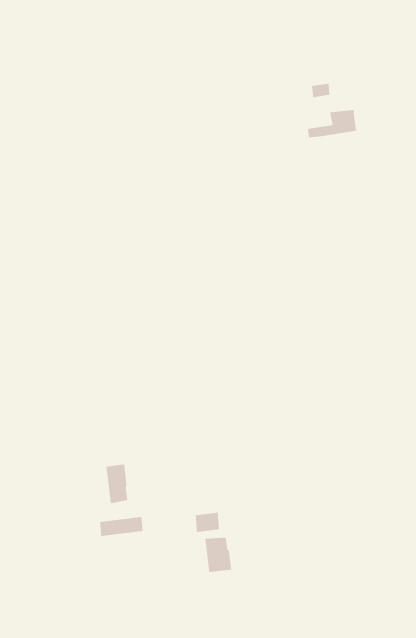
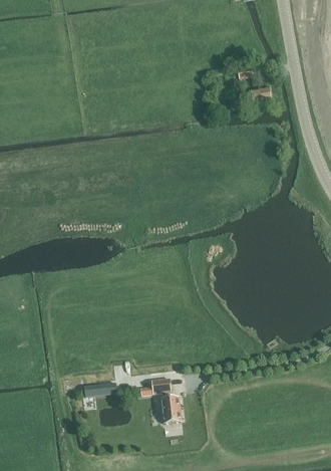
building: [105,464,128,504] -> none

